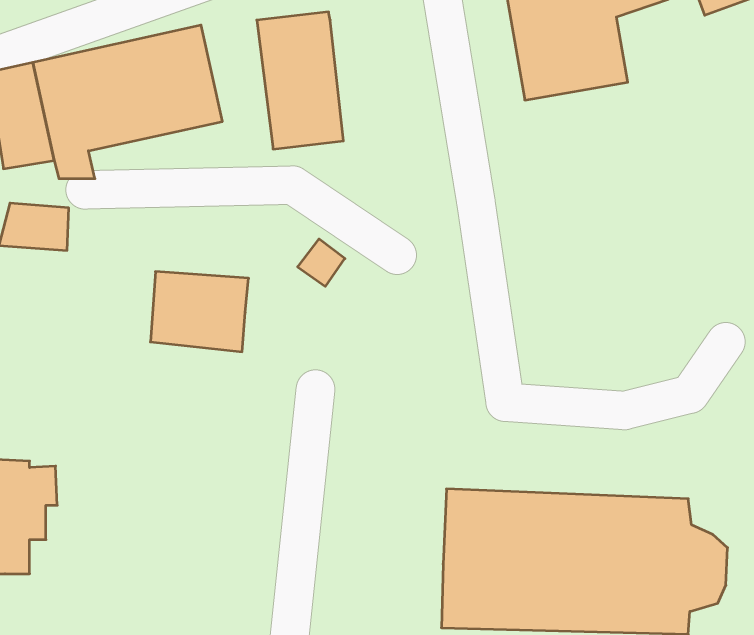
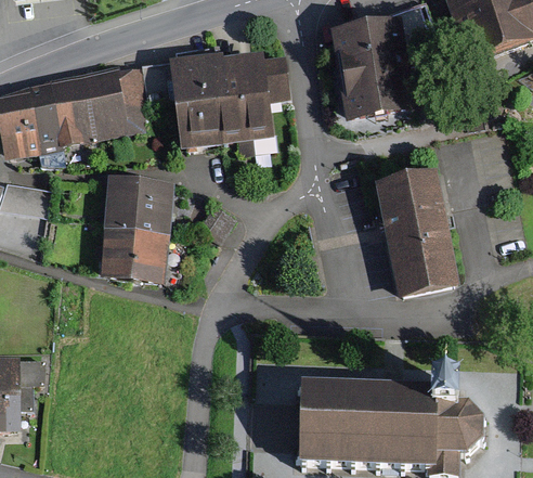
building: none -> [220,55,289,142]
building: none -> [376,167,457,293]
building: none -> [104,181,170,233]

